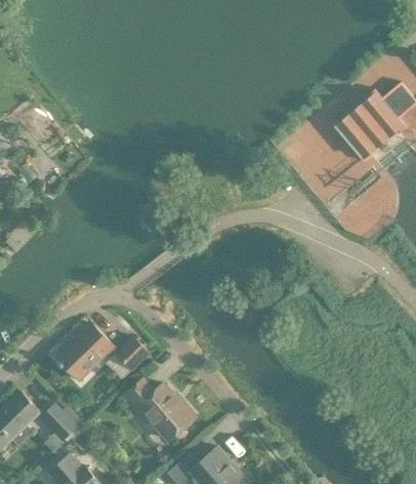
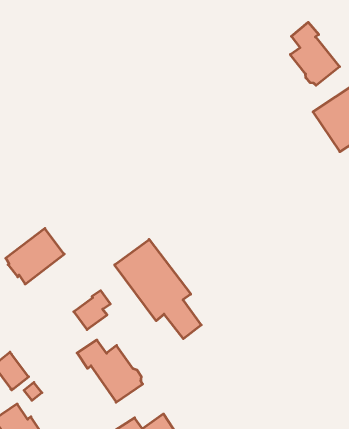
building: none -> [290,22,340,85]
building: none -> [115,239,201,339]
building: [56,323,115,381] -> [6,228,64,284]

